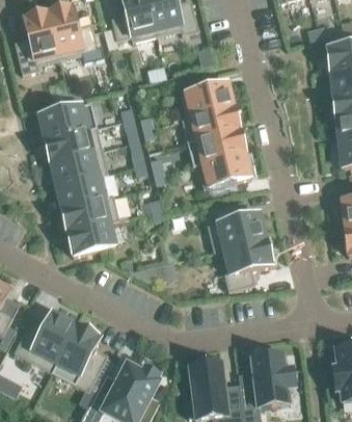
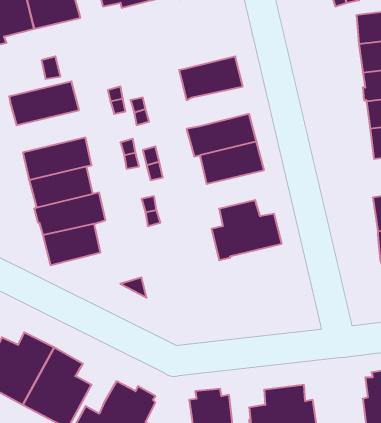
building: [182,105,239,141] -> none
building: [46,126,103,161] -> none
building: [223,235,277,290] -> none

